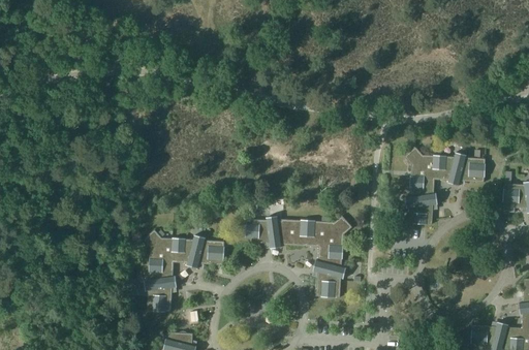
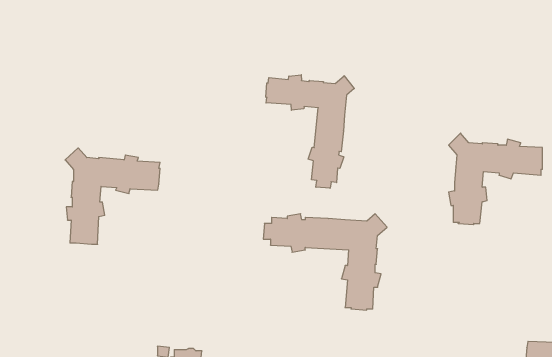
building: none -> [266,75,354,188]
building: [143,229,224,312] -> [65,148,160,244]

